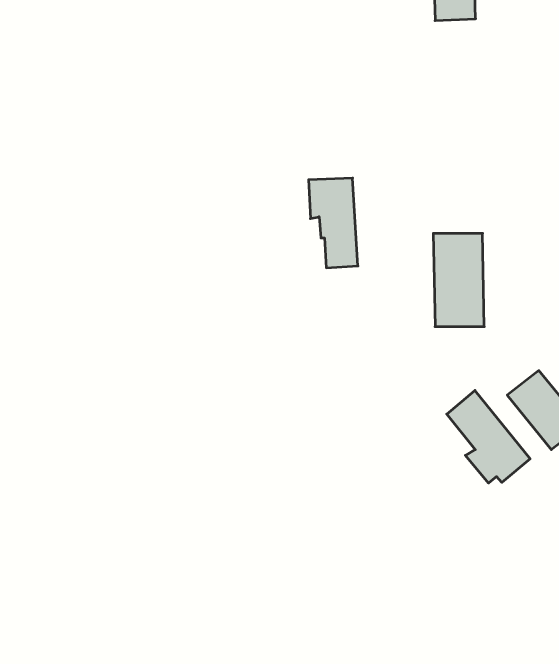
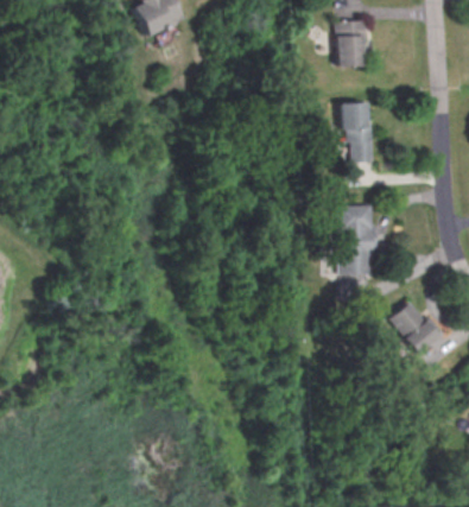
building: [309,178,358,268] -> [340,102,373,163]
building: [447,390,530,483] -> none

